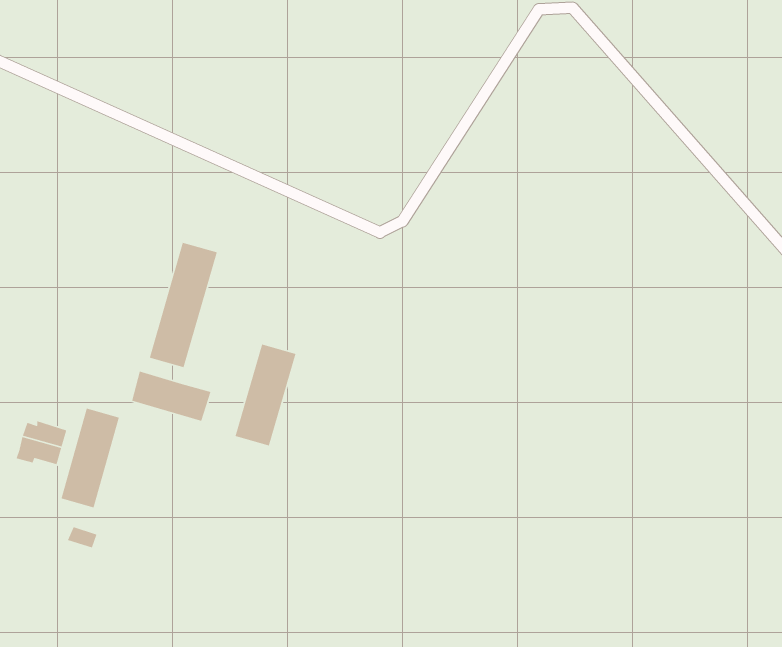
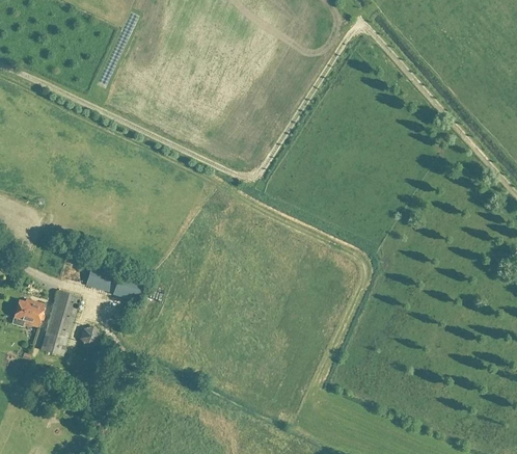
building: [149,242,218,368] -> none
building: [235,344,297,446] -> none

